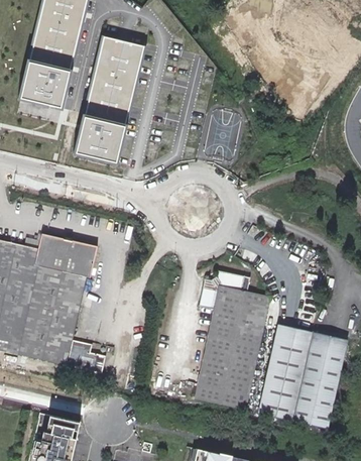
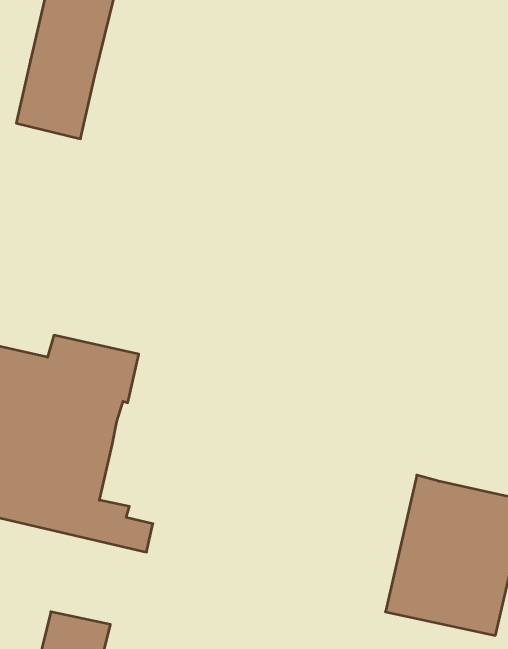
building: [75,34,144,162] -> none
building: [190,271,267,411] -> none

